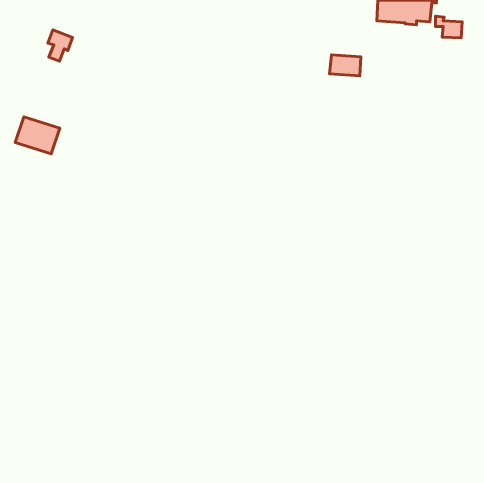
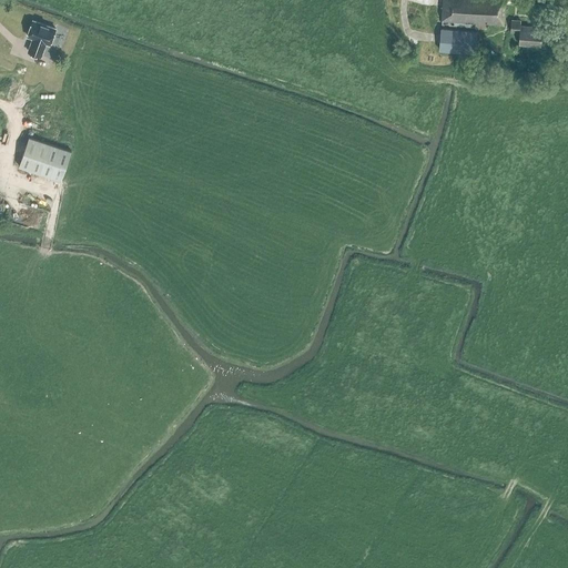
building: [48,30,73,61] -> [26,22,54,59]
building: [330,55,361,76] -> [438,30,475,54]

